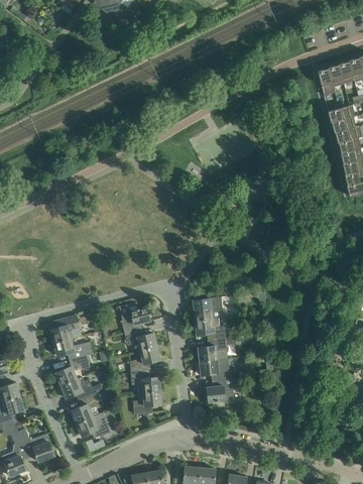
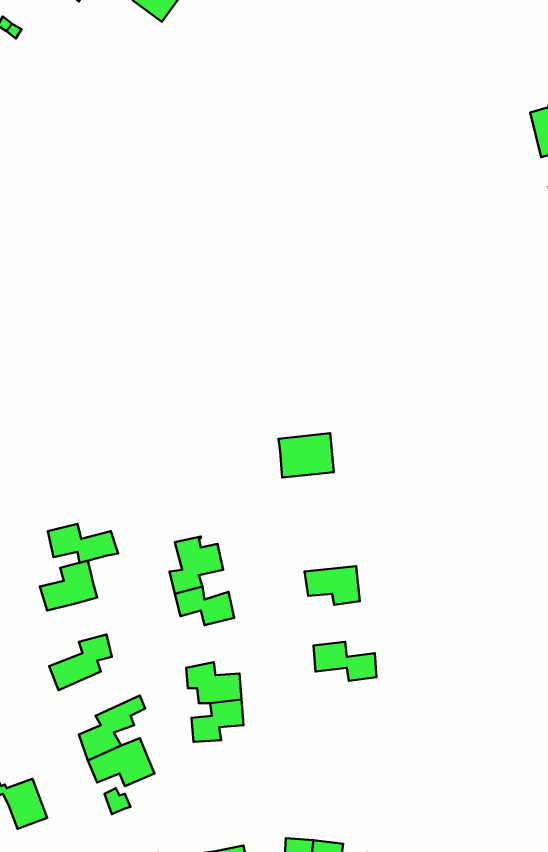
building: [193,296,223,321] -> [278,433,334,478]
building: [198,337,227,361] -> none
building: [54,338,93,359] -> [48,524,118,563]
building: [129,346,160,373] -> none
building: [60,375,105,399] -> none
building: [207,378,235,402] -> none

